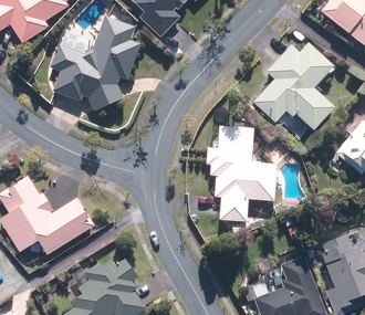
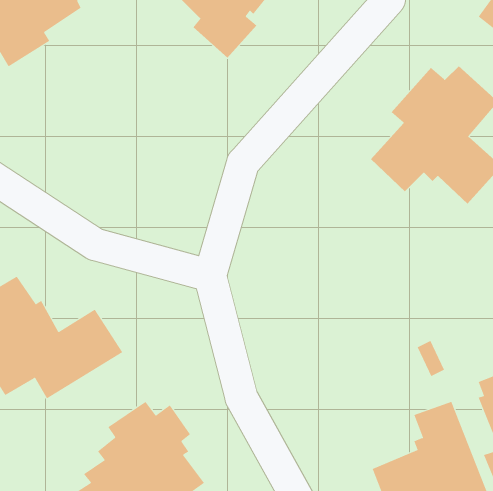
building: [50,15,140,111] -> none
building: [206,125,277,221] -> none

